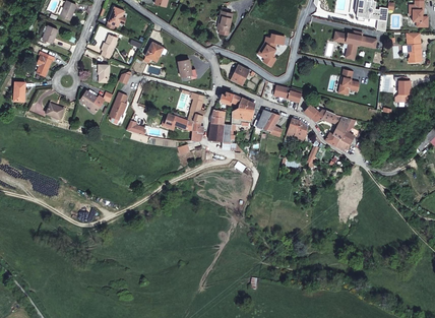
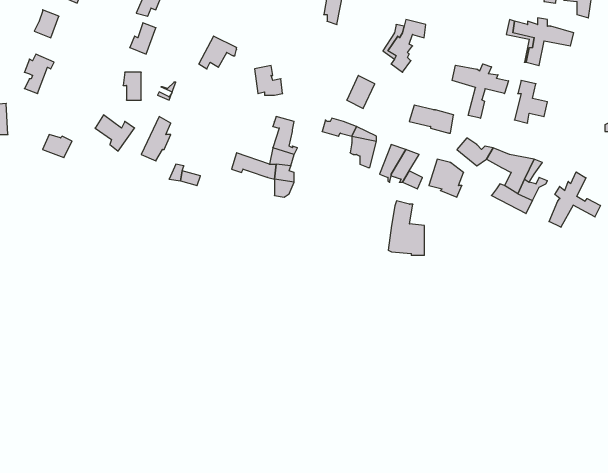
building: none -> [452,64,508,118]
building: [209,109,232,142] -> [388,201,424,255]
building: none -> [549,172,600,227]

